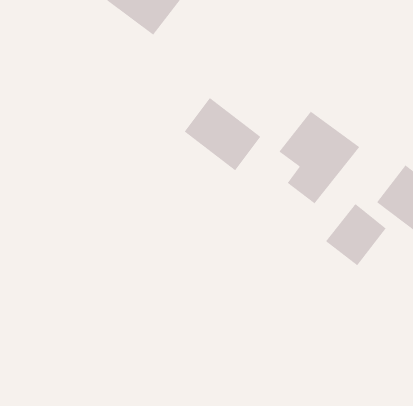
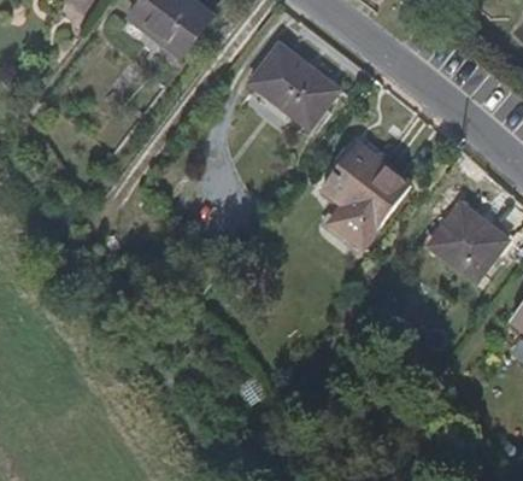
building: [184,97,261,171] -> [251,43,337,127]
building: [325,203,387,266] -> none

